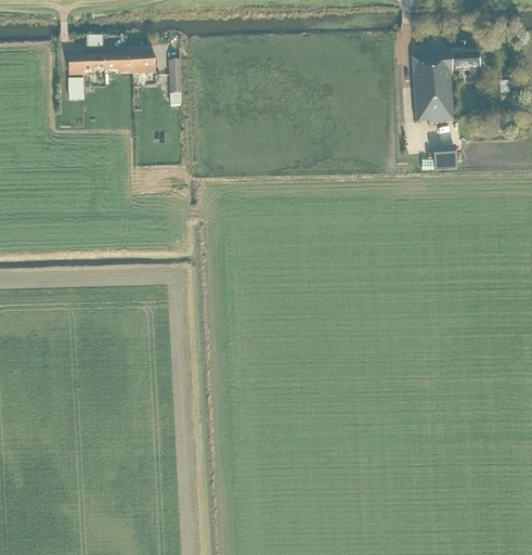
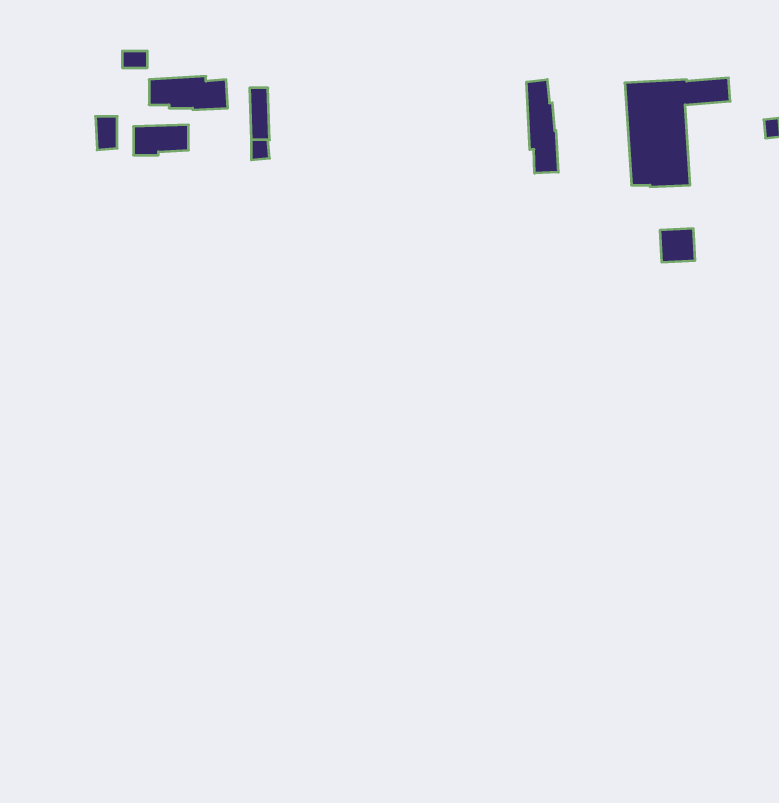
building: none -> [527,79,558,173]
building: [67,53,103,73] -> [133,125,189,155]

